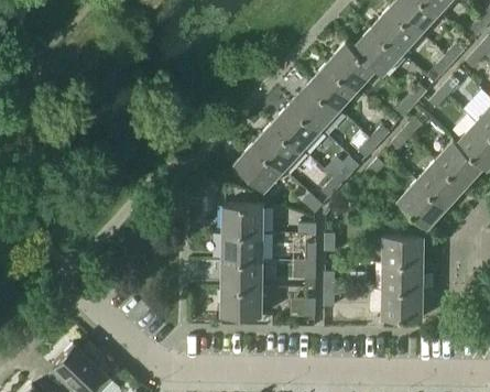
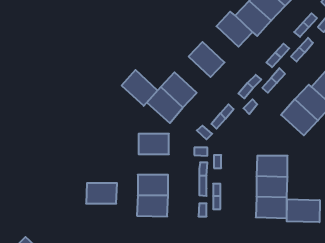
building: [309,64,358,112] -> none
building: [272,105,320,153] -> [122,70,158,106]
building: [396,183,446,231] -> none
building: [222,236,264,263] -> [86,183,117,204]
building: none -> [287,199,320,222]

